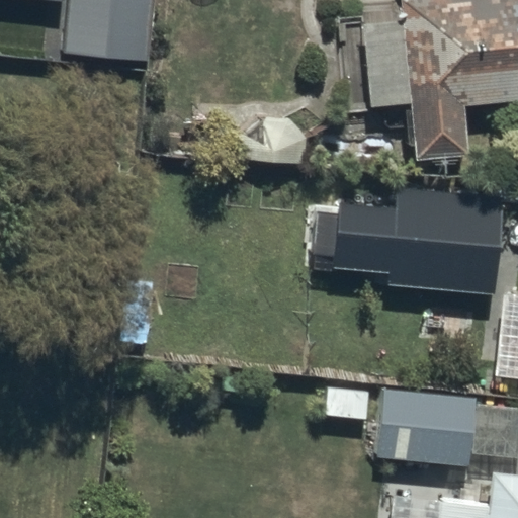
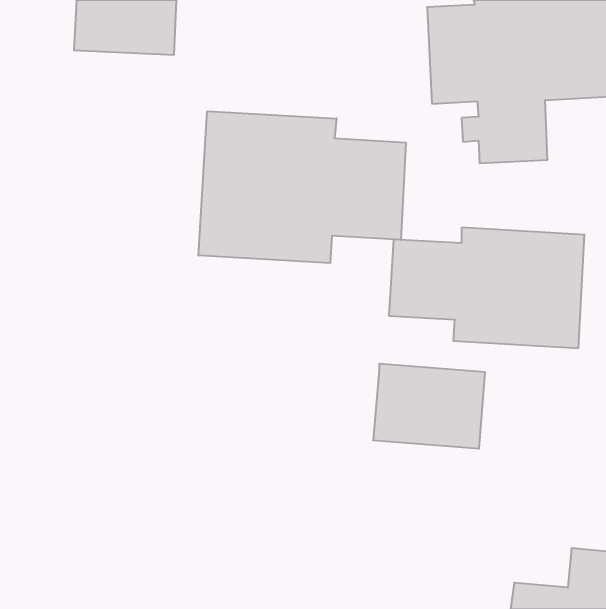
building: none -> [198,111,406,263]
building: [375,388,470,460] -> [373,364,485,449]

